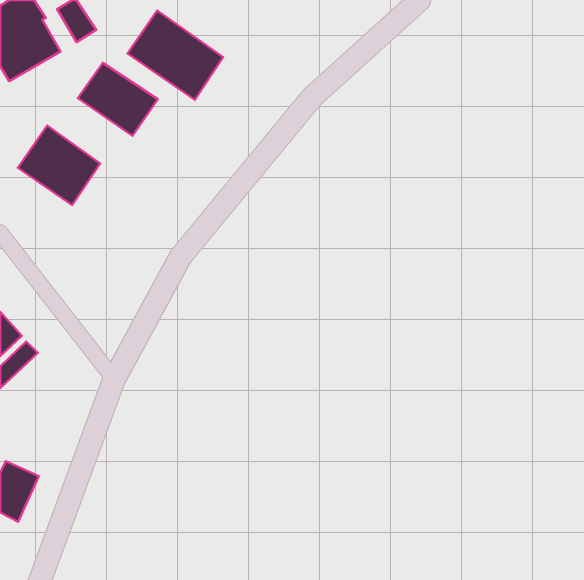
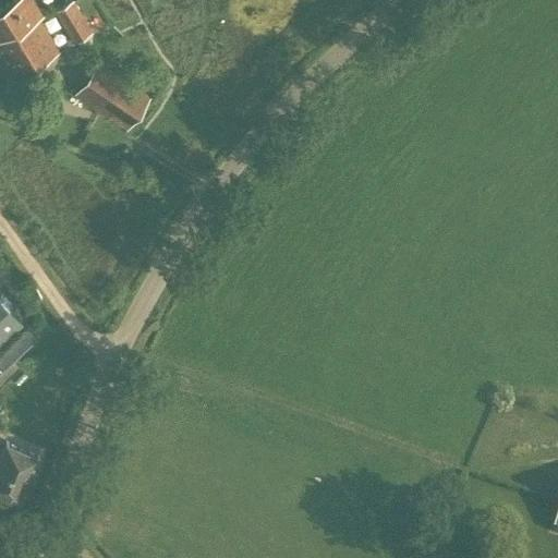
building: [128,11,223,100] -> none
building: [18,126,100,205] -> none

